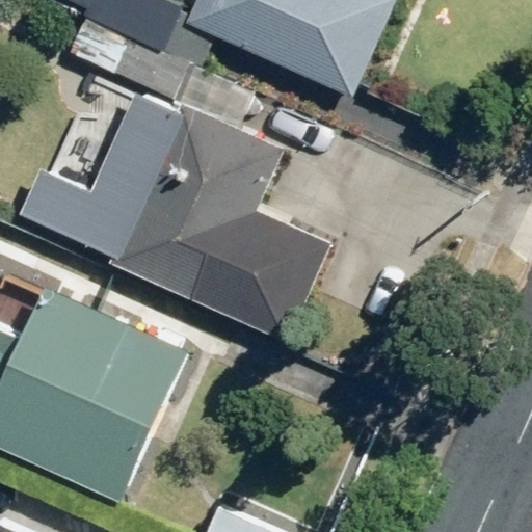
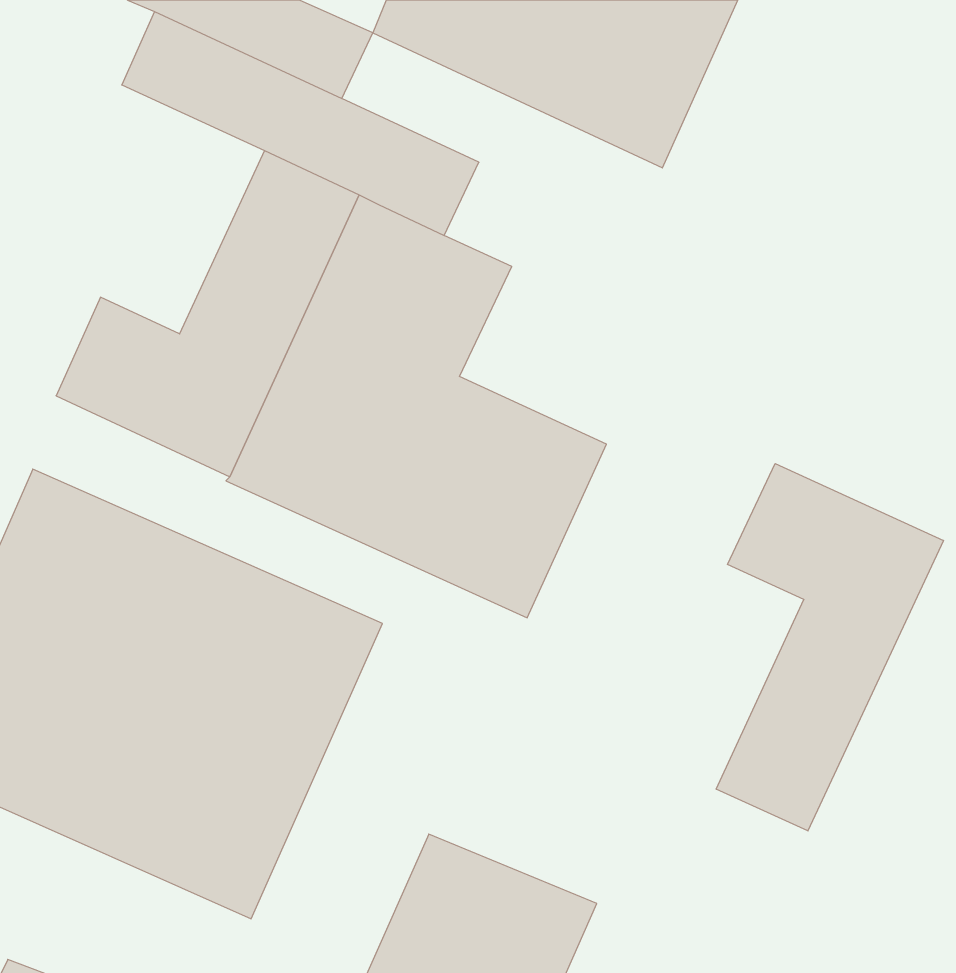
building: none -> [716,464,943,831]

